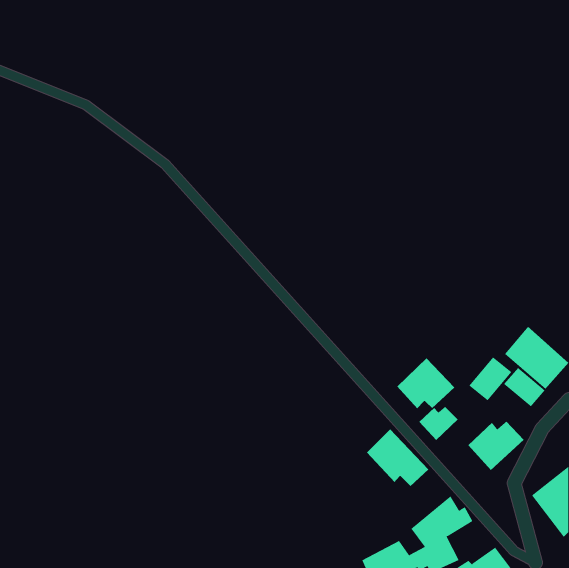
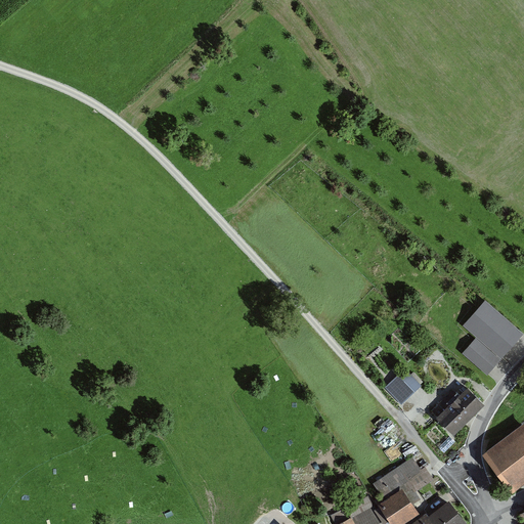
building: [469,356,512,401] -> none
building: [396,358,455,409] -> none
building: [366,429,429,487] -> none

